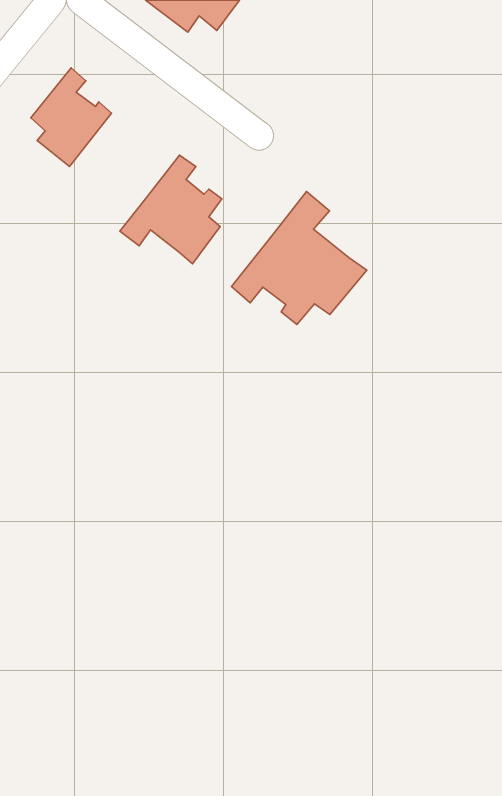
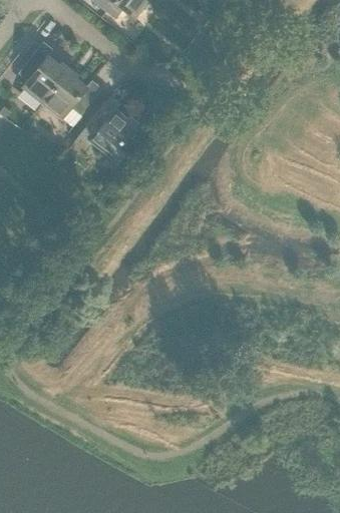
building: none -> [44,70,103,118]
building: [232,191,367,325] -> none

